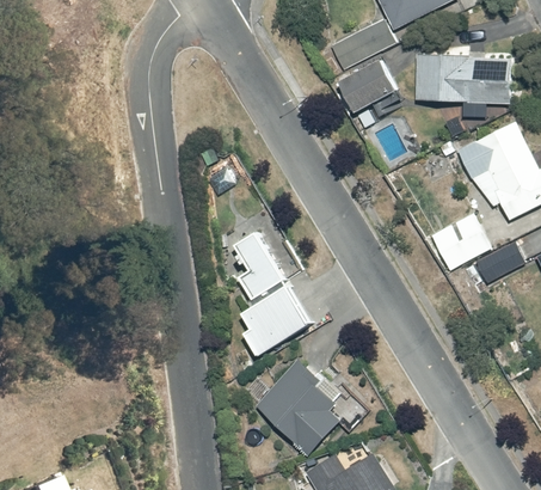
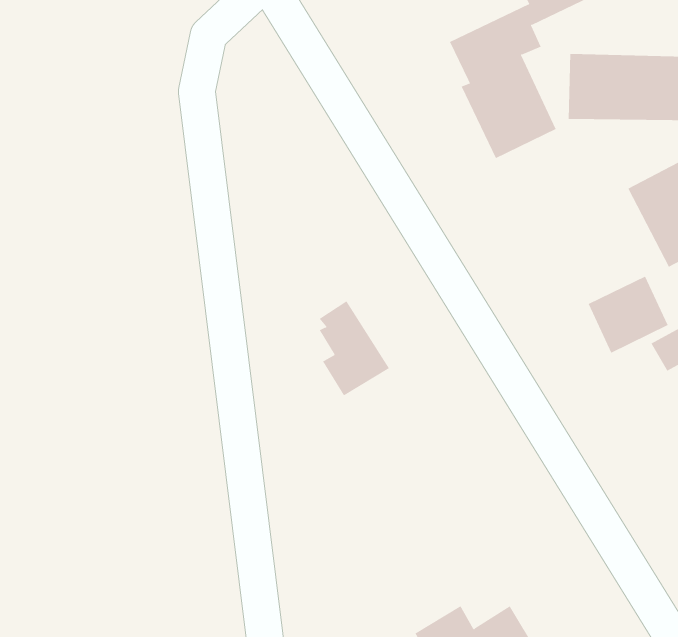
building: [242,284,311,356] -> none
building: [256,359,340,455] -> none

